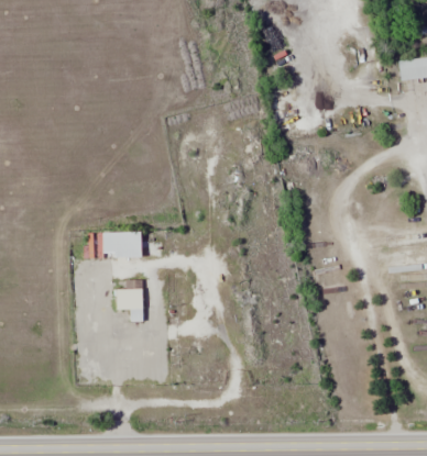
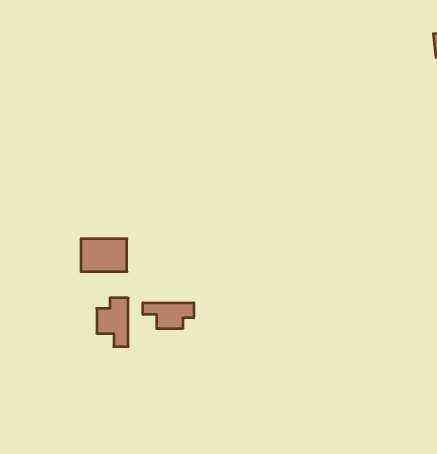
building: none -> [143,303,194,329]

